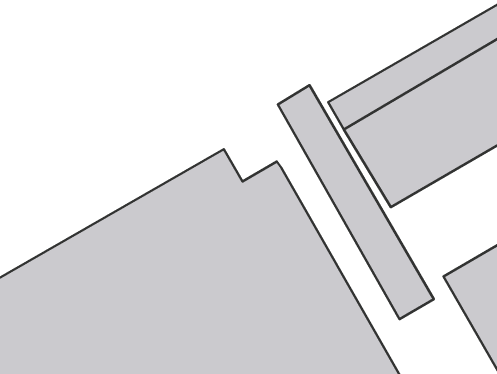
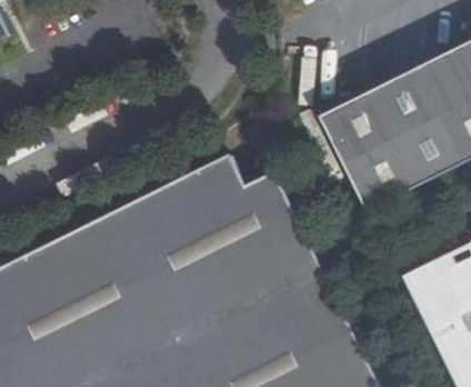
building: [278,85,434,319] -> none

